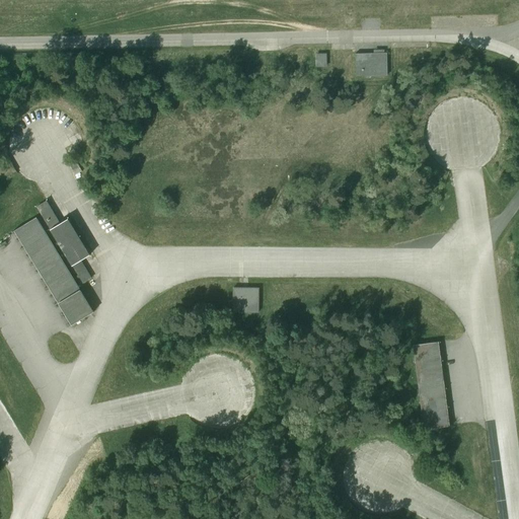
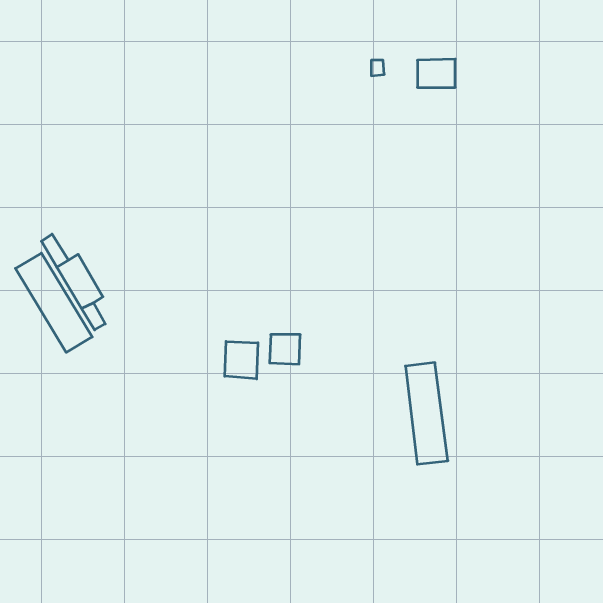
building: [57,289,92,324] -> none
building: none -> [225,341,258,379]
building: [412,342,448,429] -> [405,363,448,464]

